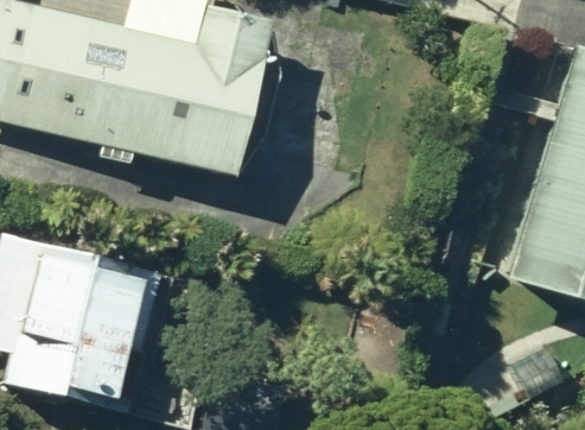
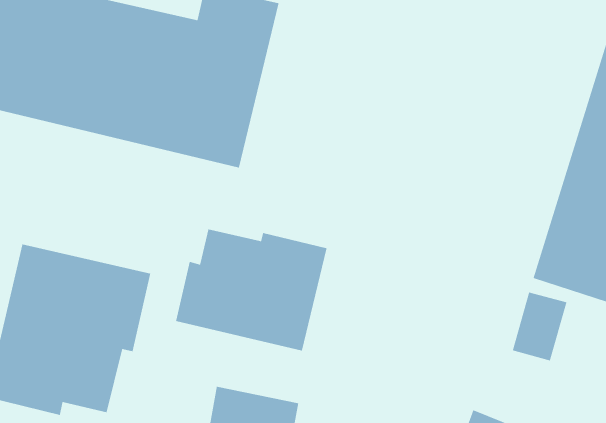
building: none -> [175,229,328,351]

